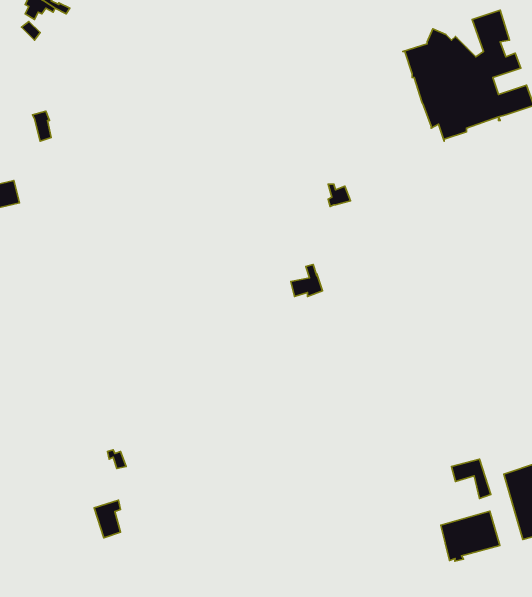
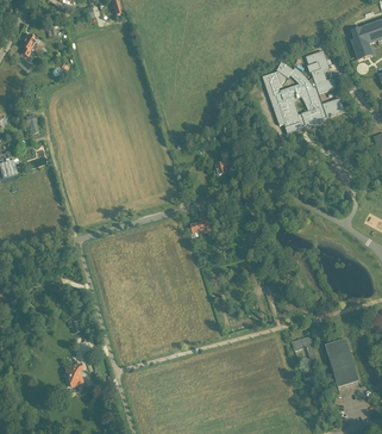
building: [441,511,500,561] -> none

